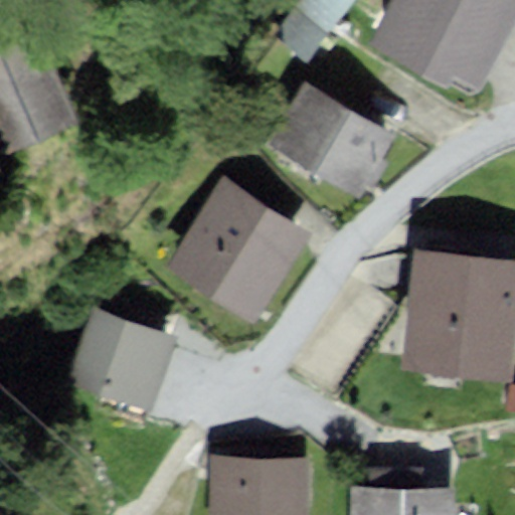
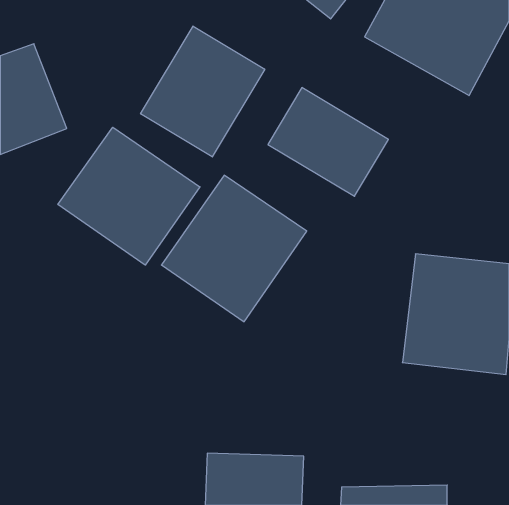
building: none -> [141,26,265,157]
building: none -> [58,127,200,265]
building: [66,308,177,412] -> none

